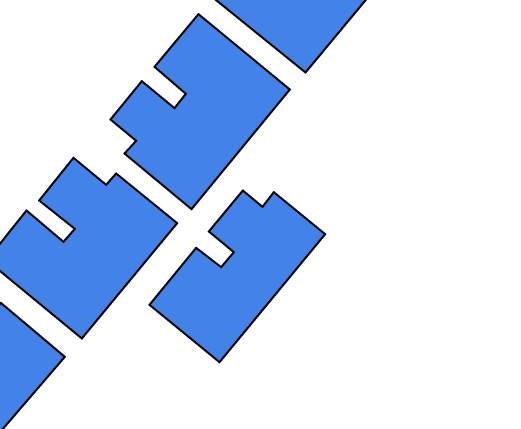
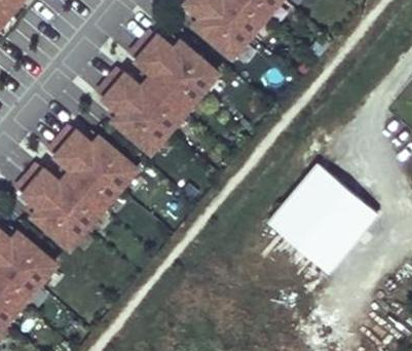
building: [150,191,325,362] -> none
building: none -> [267,172,375,281]

